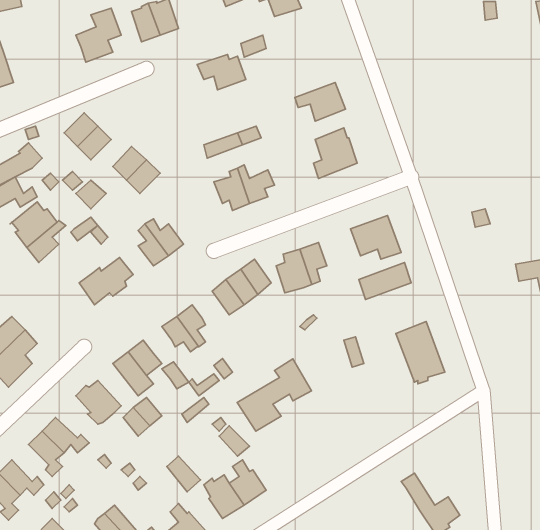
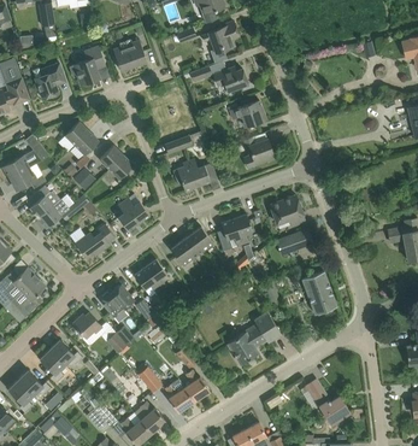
building: none -> [34,64,63,100]
building: [197,54,246,90] -> [212,68,247,93]
building: [237,359,311,431] -> [226,312,279,364]

